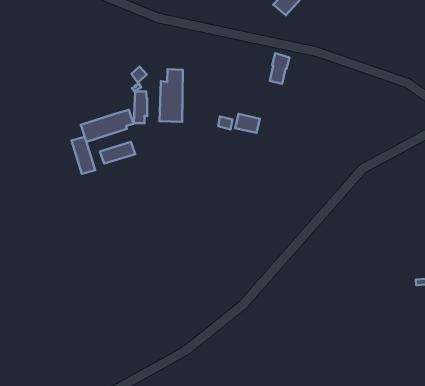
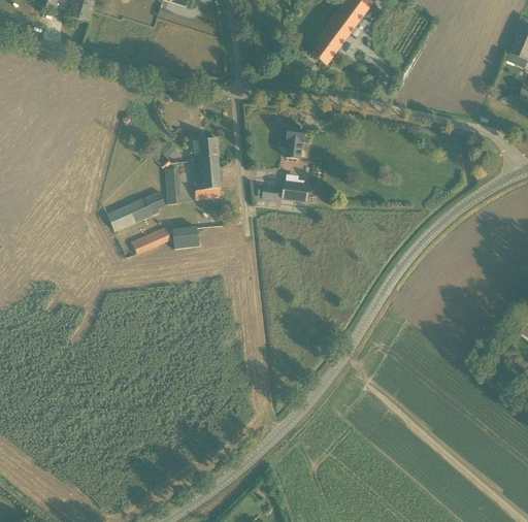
building: [270,53,289,84] -> [285,125,304,159]
building: [71,137,95,174] -> none
building: none -> [172,225,198,249]

